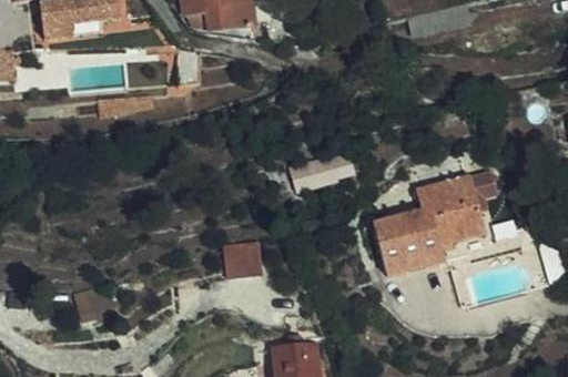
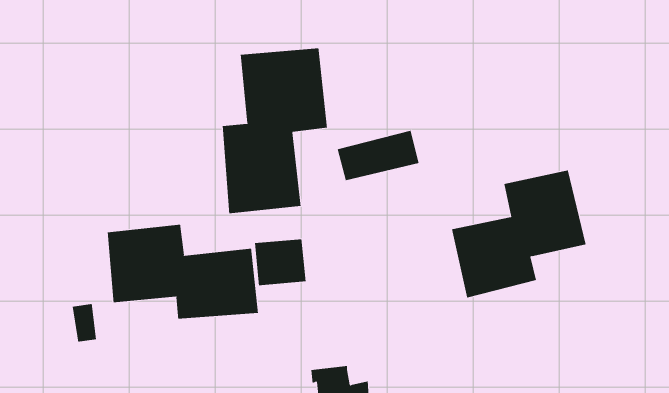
building: none -> [222,48,327,214]
building: none -> [107,224,259,320]

